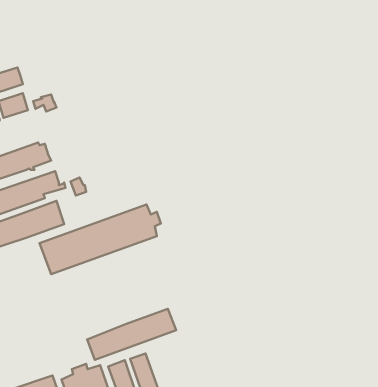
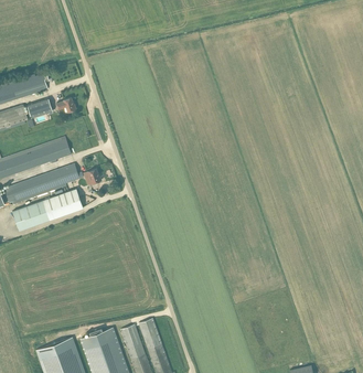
building: [40,204,161,274] -> none
building: [87,309,176,360] -> none

